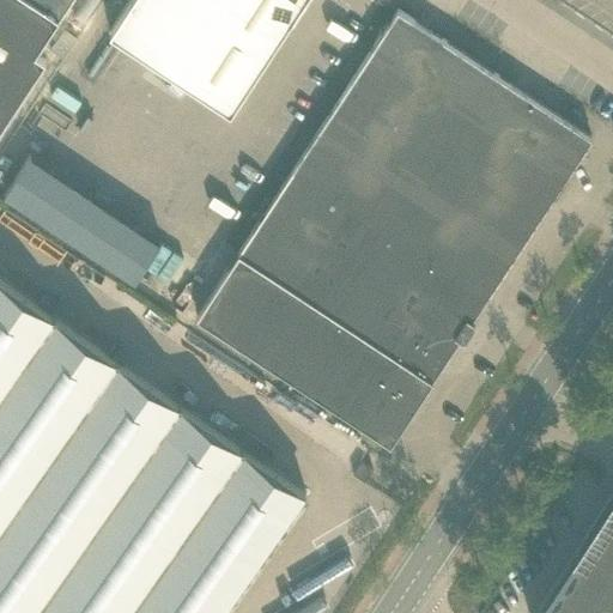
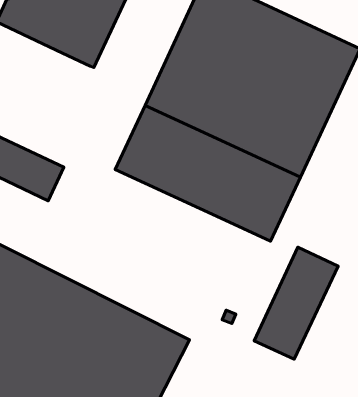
building: [195,259,432,450] -> none
building: none -> [254,247,338,359]

